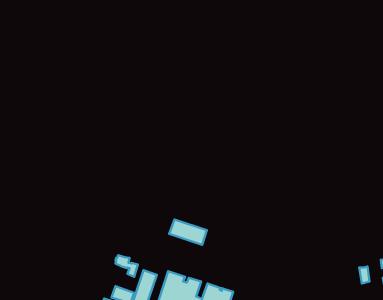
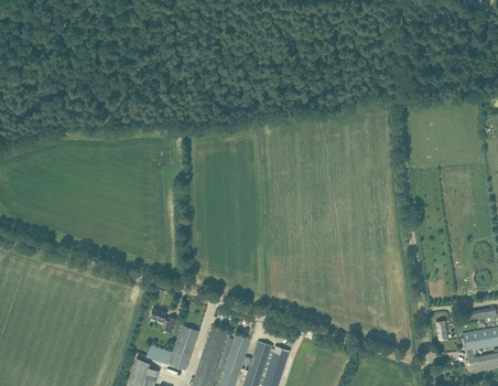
building: [169,220,207,245] -> none

